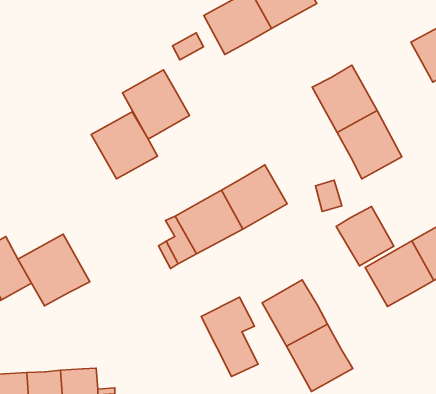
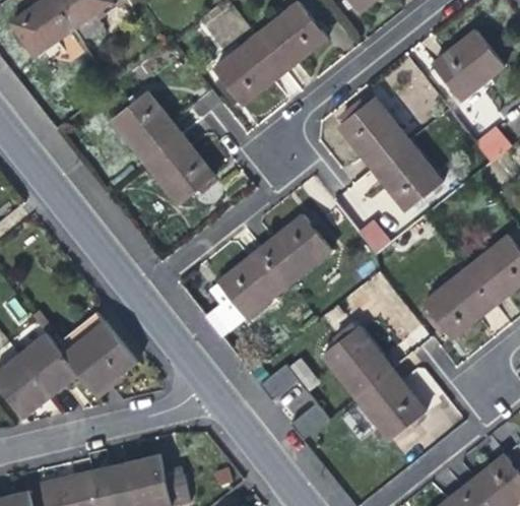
building: [91,112,157,179] -> [109,90,181,163]
building: [336,207,394,266] -> none

